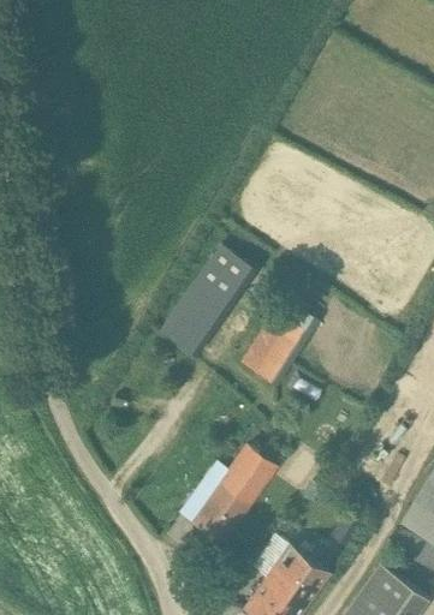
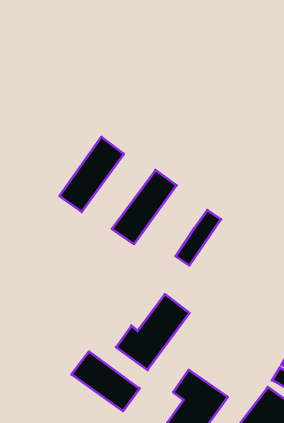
building: none -> [60,137,124,212]
building: none -> [72,352,140,411]

